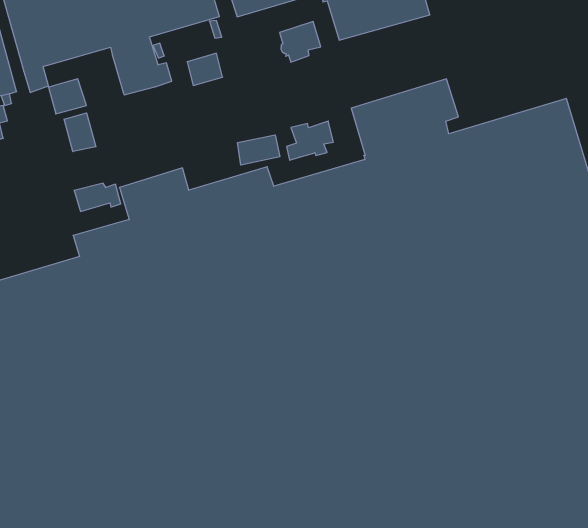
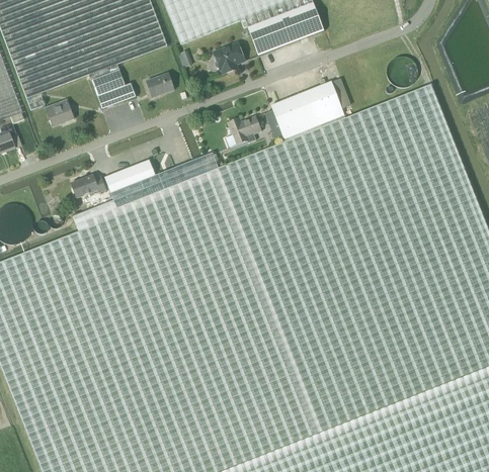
building: [64,113,96,152] -> none
building: [238,135,280,165] -> none

